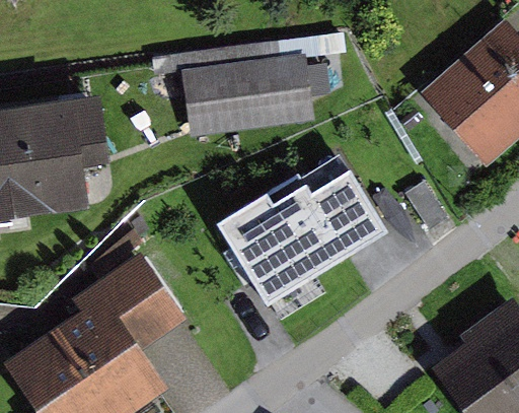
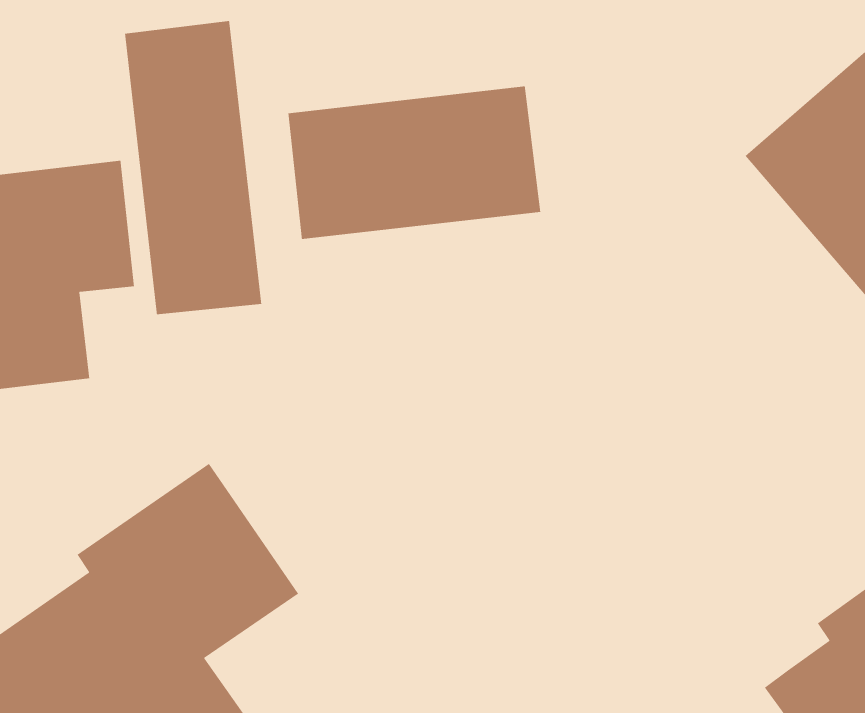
building: none -> [124,20,262,315]
building: [208,163,358,311] -> none

